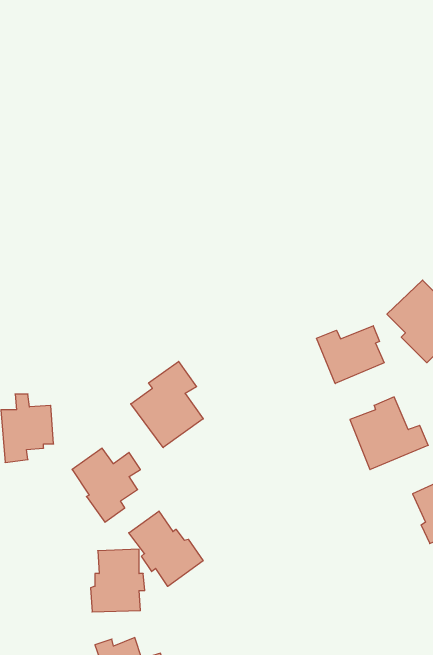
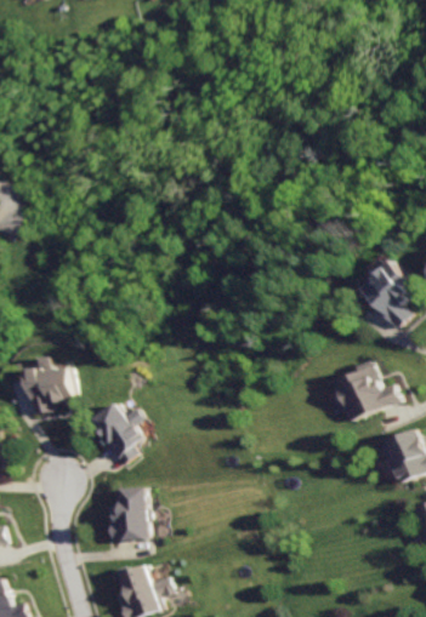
building: [317,326,384,384] -> none
building: [131,361,203,448] -> none
building: [129,511,203,586] -> none

